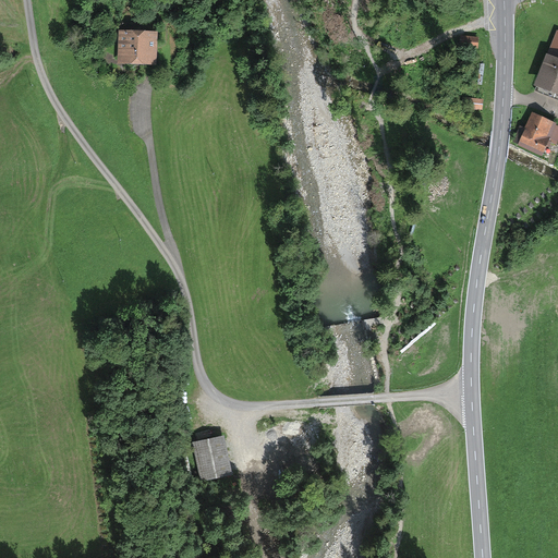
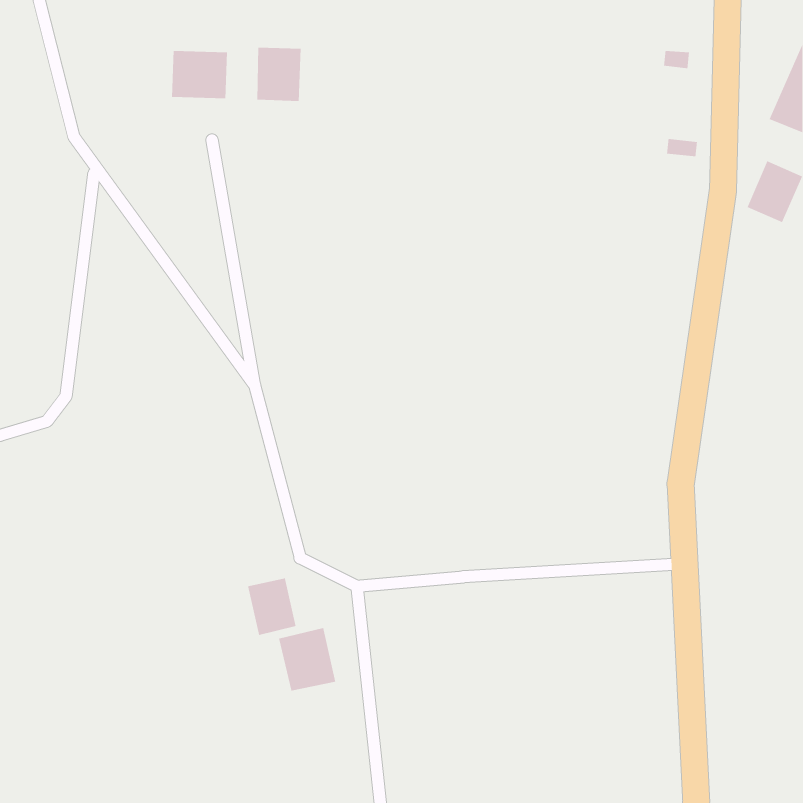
building: none -> [257,47,301,102]
building: none -> [247,578,296,636]

